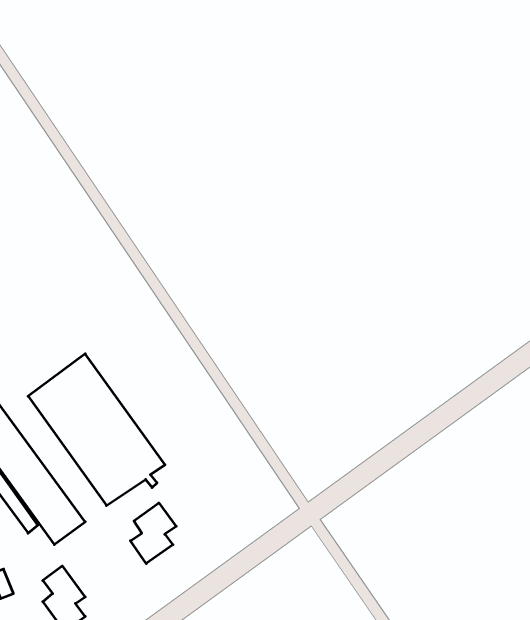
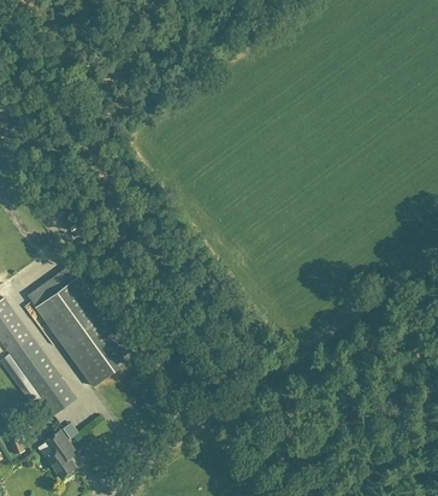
building: [130,503,176,564] -> none

